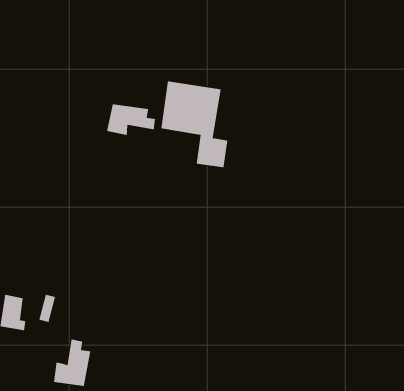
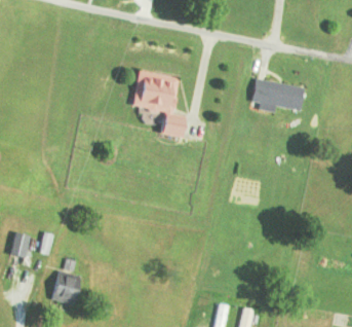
building: none -> [250,78,302,110]
building: [106,103,156,136] -> none

